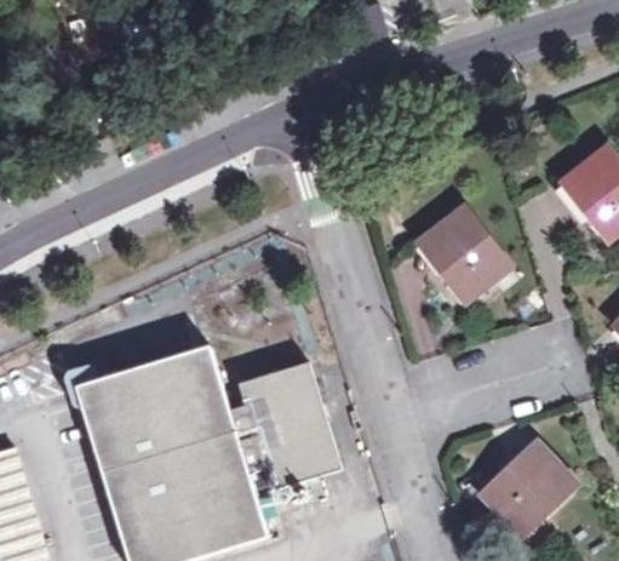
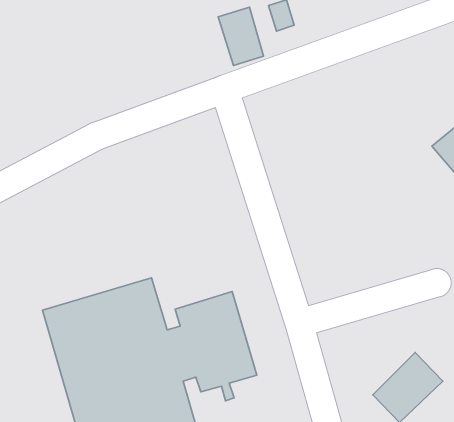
building: none -> [218,7,263,65]
building: [419,206,506,296] -> none

